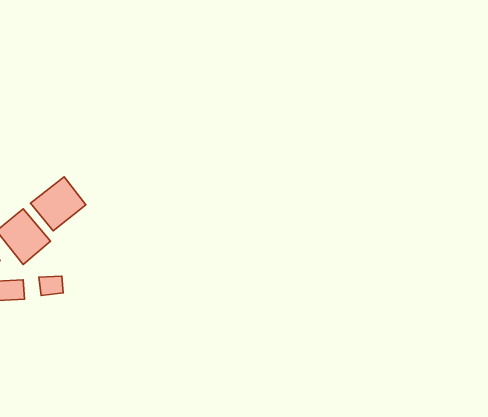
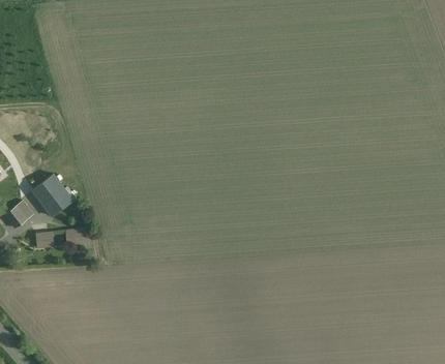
building: [31,177,86,231] -> none

